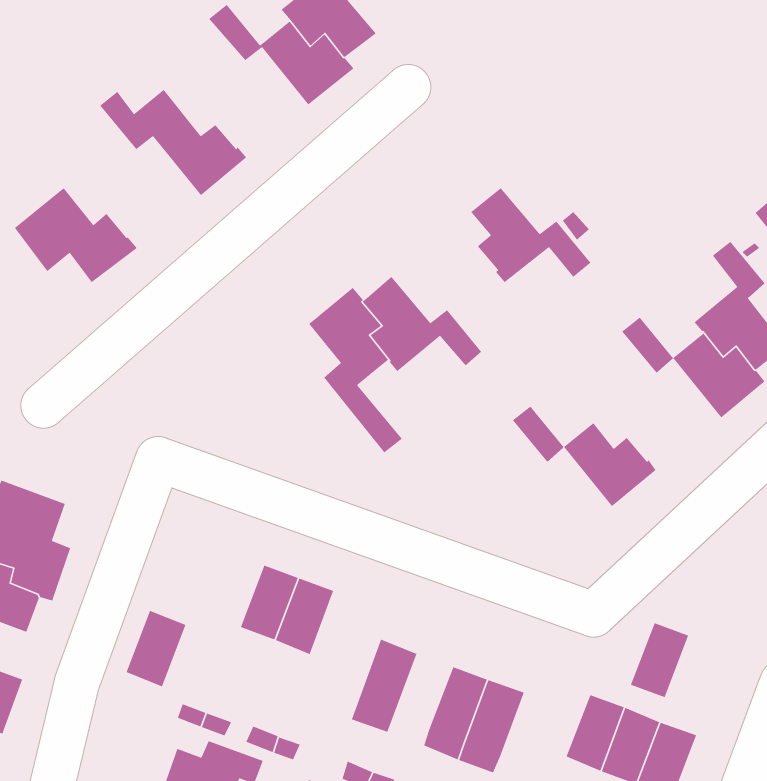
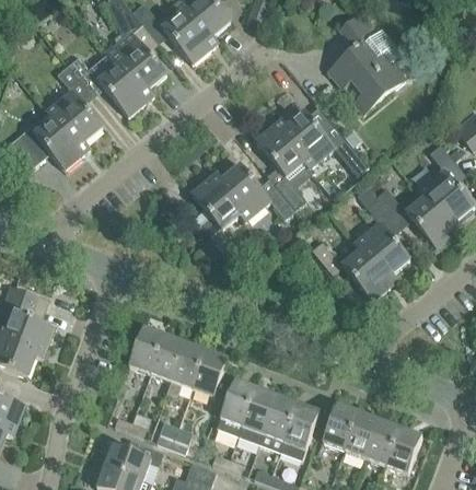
building: none -> [105,12,167,89]
building: none -> [328,12,405,113]
building: none -> [47,63,102,141]
building: none -> [256,119,307,209]
building: none -> [355,197,409,273]
building: none -> [193,350,229,396]
building: [125,610,187,687] -> [129,326,165,372]
building: [630,622,689,698] -> [323,404,358,448]
building: none -> [239,387,277,442]

